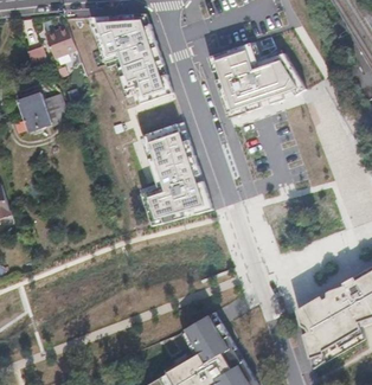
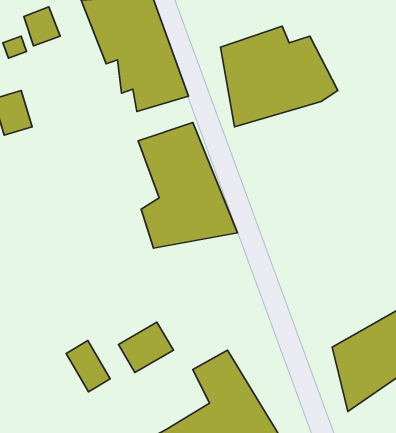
building: none -> [118,322,174,373]
building: none -> [66,341,110,392]

